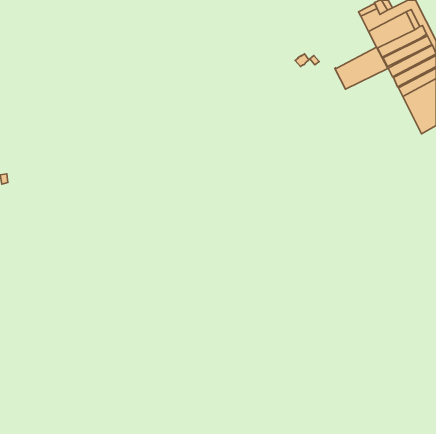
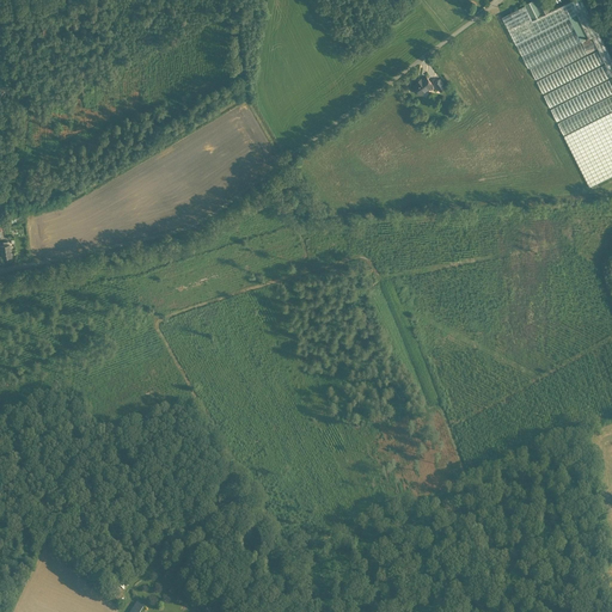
building: [335,47,388,89] -> none

